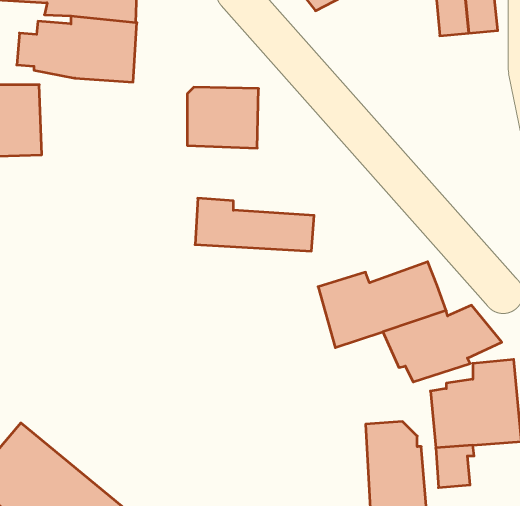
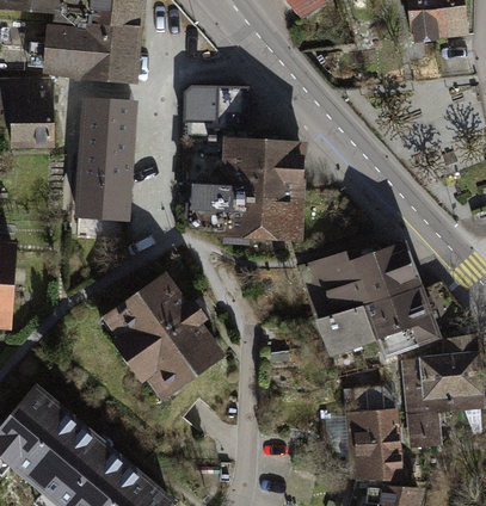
building: none -> [78,99,134,221]
building: none -> [184,138,303,202]
building: none -> [115,278,219,389]
building: none -> [318,307,375,356]

